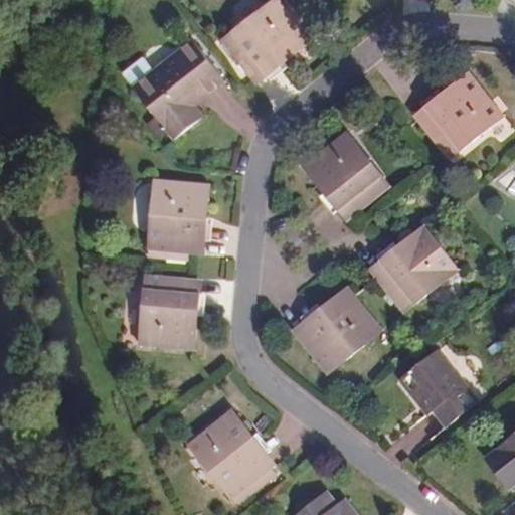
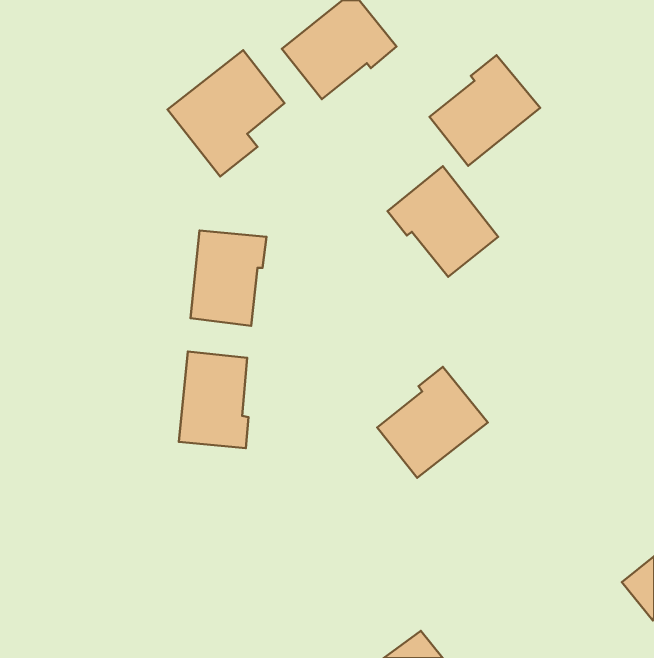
building: [416,71,503,158] -> [430,55,540,166]
building: [373,225,459,312] -> none
building: [399,350,477,425] -> none
building: [187,407,269,496] -> none

